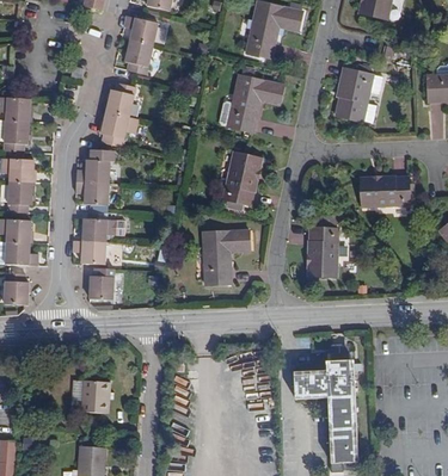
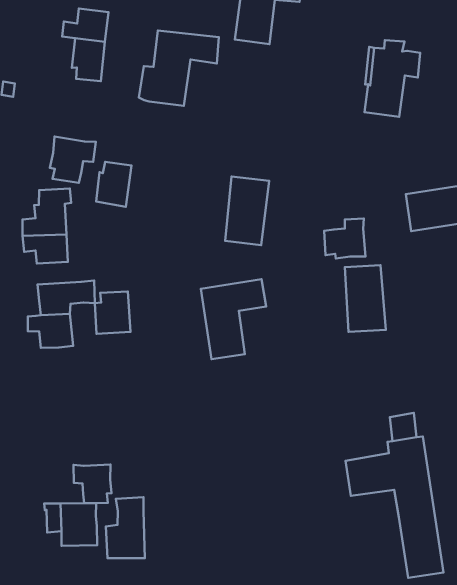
building: [220,75,283,132] -> [139,30,219,106]
building: [108,81,136,116] -> [96,162,131,207]
building: none -> [324,218,366,259]
building: [88,268,115,299] -> [95,291,130,334]
building: none -> [74,465,111,503]
building: none -> [106,497,145,558]

